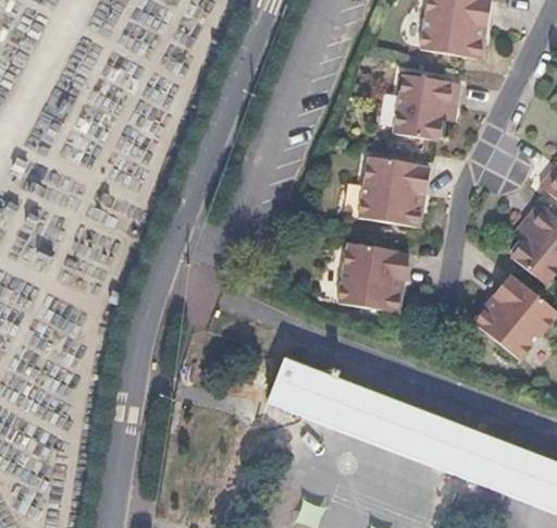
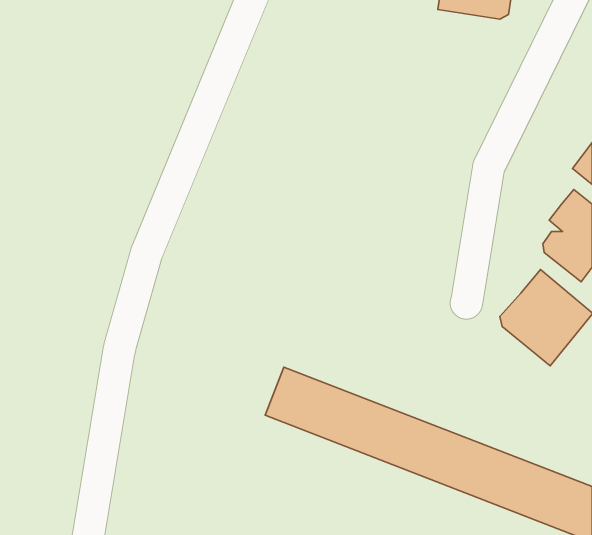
building: [396,72,463,138] -> none
building: [358,155,429,222] -> none
building: [336,241,406,309] -> none

